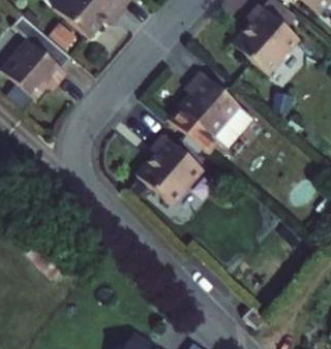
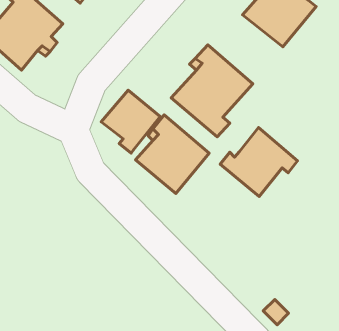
building: none -> [101,90,160,153]
building: none -> [220,127,298,197]

